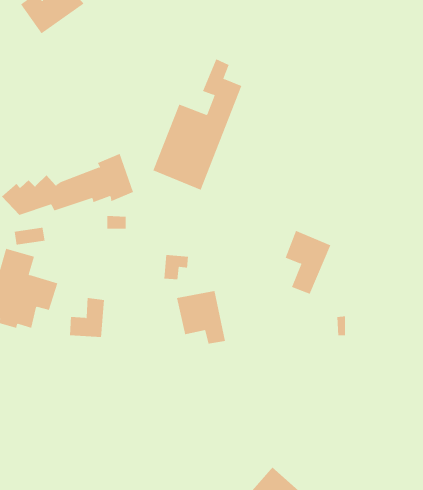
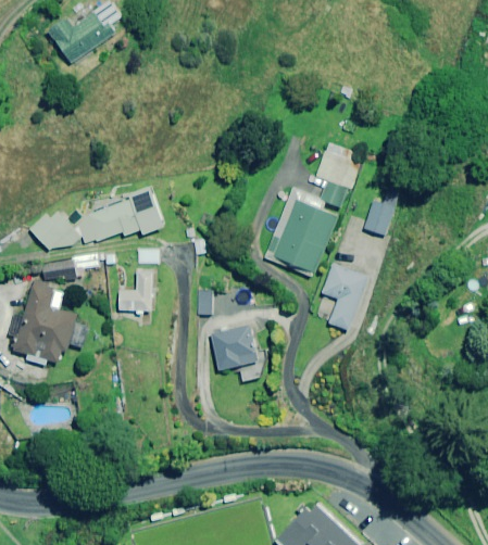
building: [153,59,242,190] -> [264,142,356,278]
building: none -> [364,201,395,236]
building: [69,298,105,338] -> [118,270,155,312]

